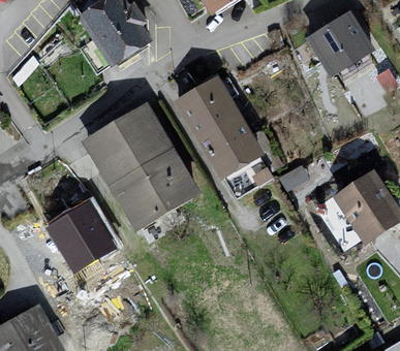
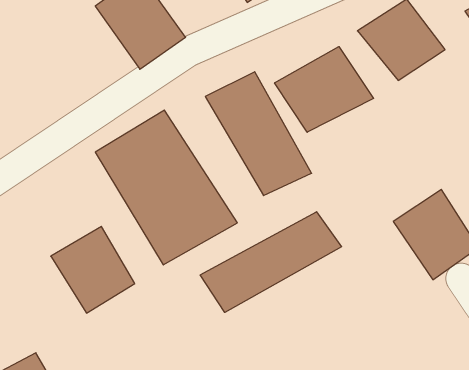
building: none -> [275,47,374,132]
building: none -> [200,212,342,312]

